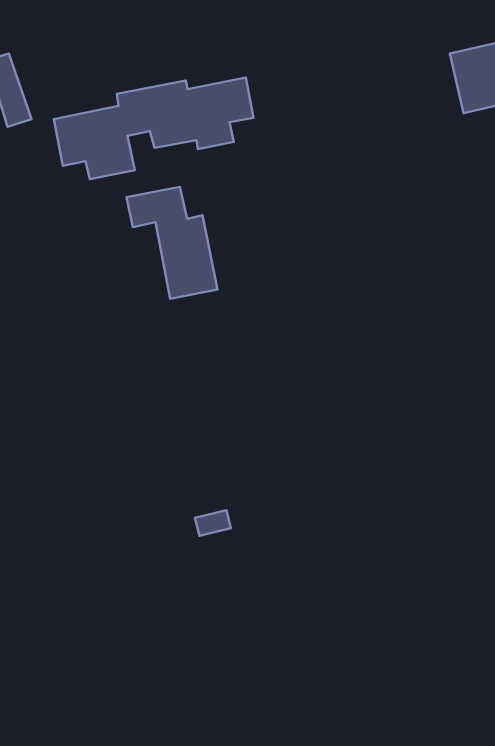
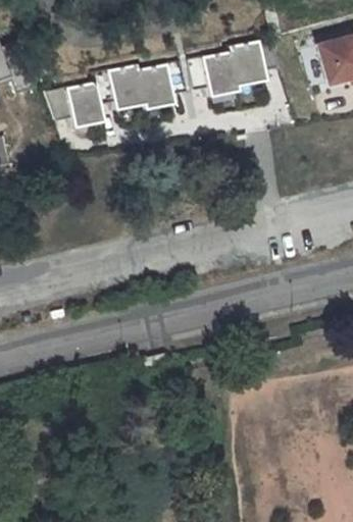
building: none -> [190,39,279,97]
building: [126,187,217,299] -> none

